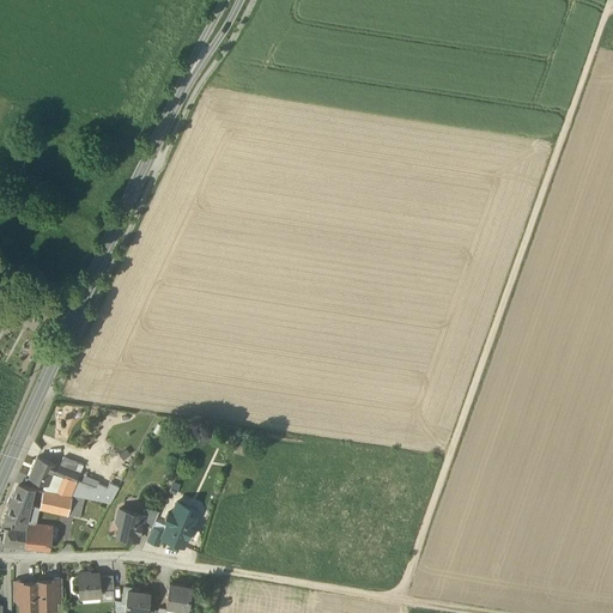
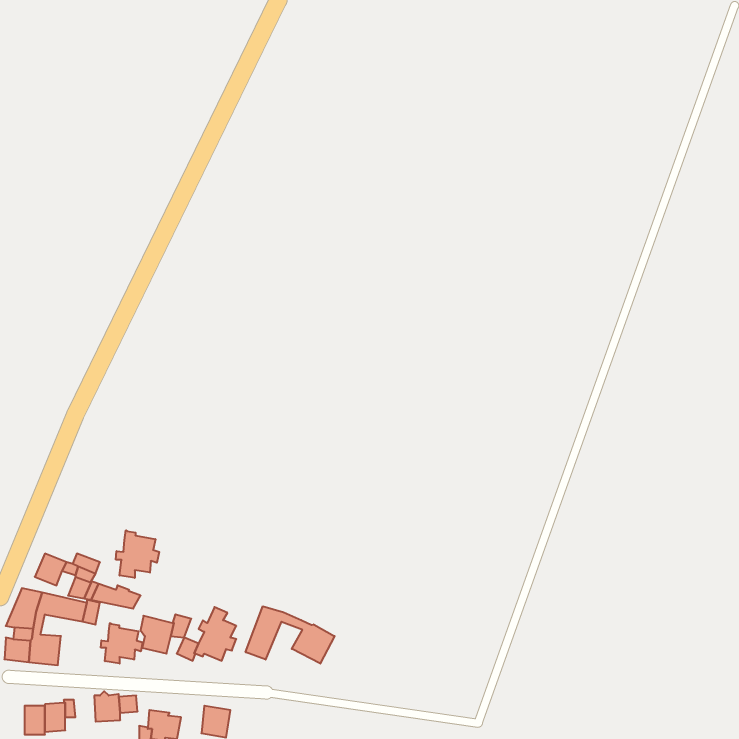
building: none -> [116,530,159,578]
building: none -> [246,606,335,664]
building: none -> [101,623,143,664]

